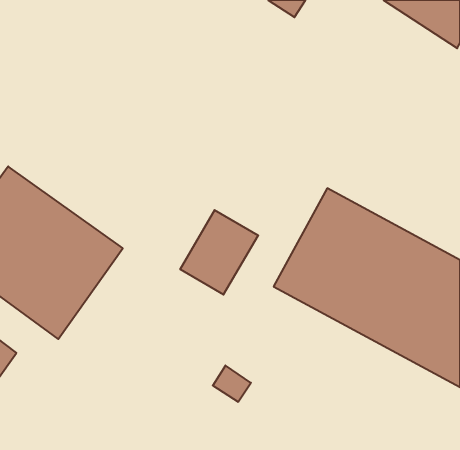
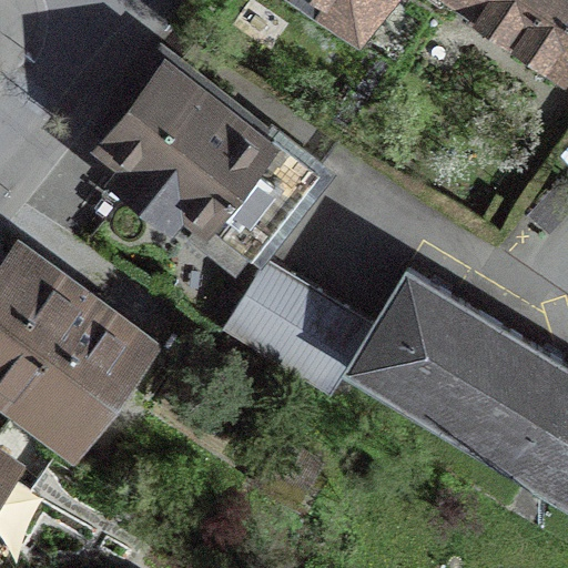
building: none -> [91,70,313,282]

